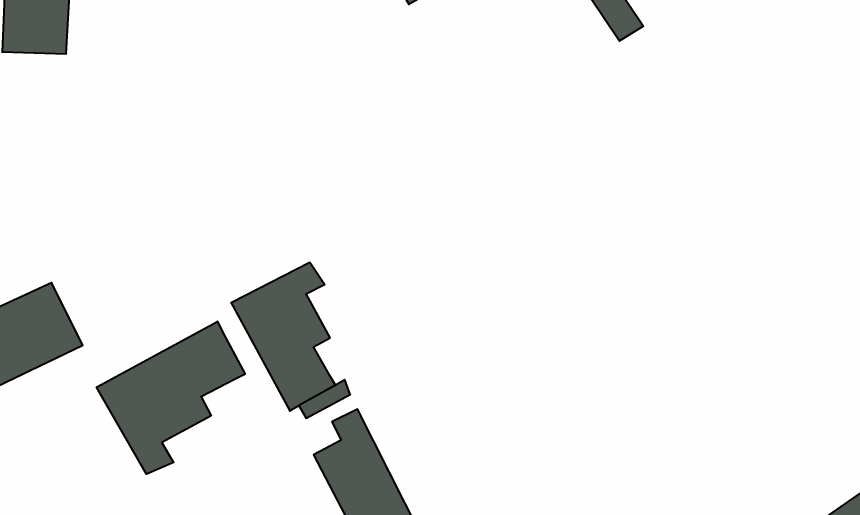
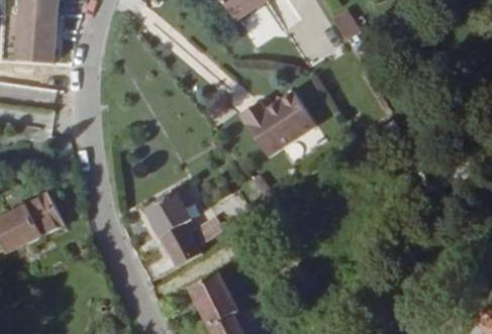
building: none -> [241,93,316,156]
building: [97,321,245,474] -> none

